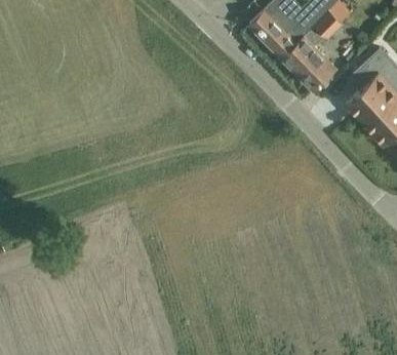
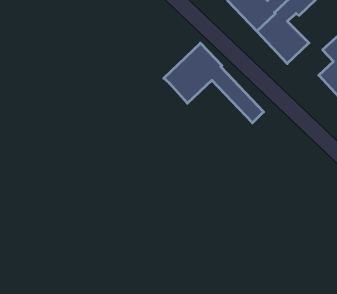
building: none -> [164,43,264,123]

